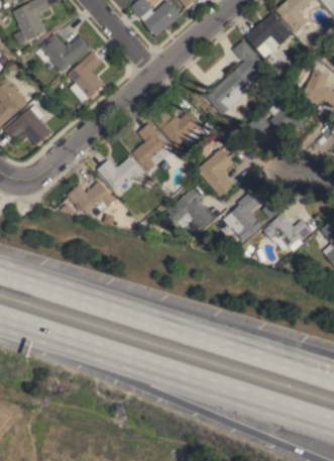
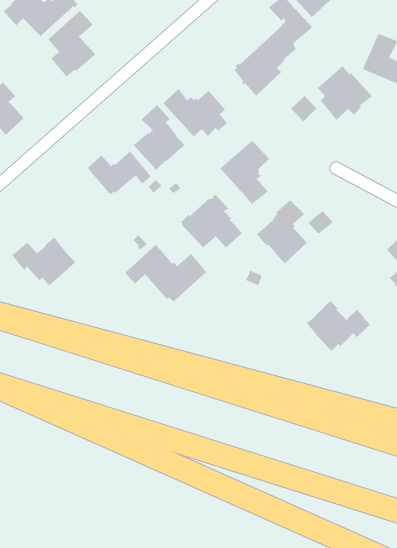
building: [67,181,115,218] -> [11,236,76,286]
building: [263,213,312,251] -> [306,300,371,352]
building: none -> [125,244,207,302]

